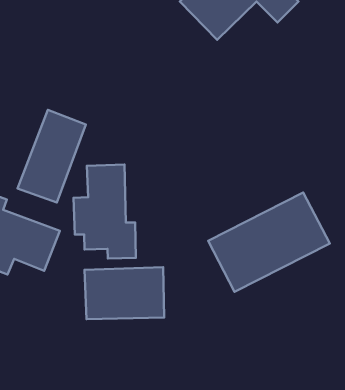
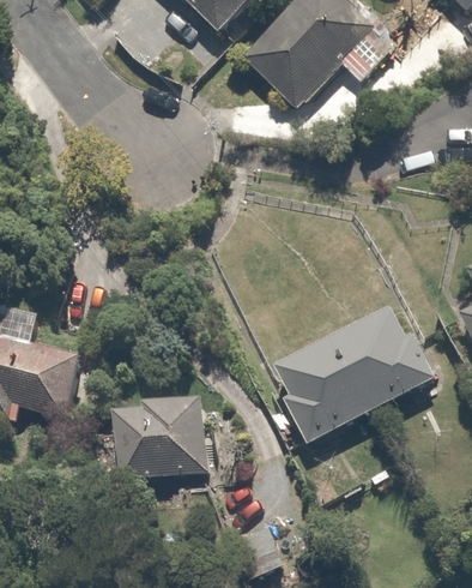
building: [18,110,86,202] -> none
building: [74,165,136,258] -> none

